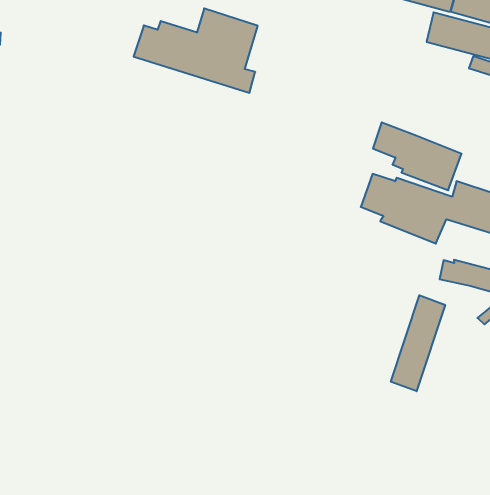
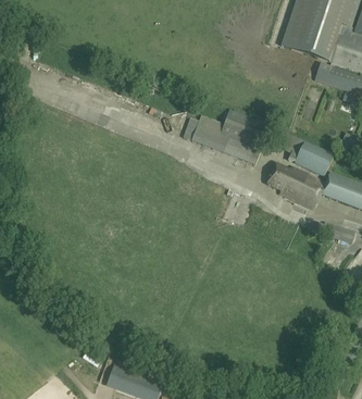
building: [134,8,258,93] -> [180,107,261,162]
building: [391,295,445,391] -> none

